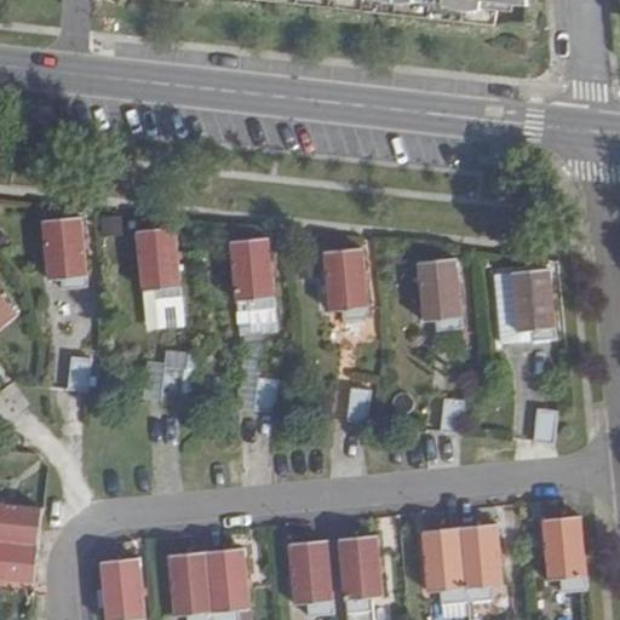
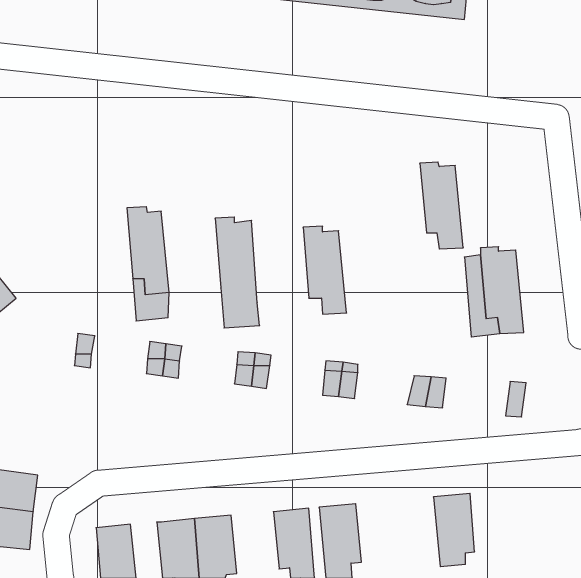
building: [41,208,86,303] -> none
building: [414,251,460,343] -> [420,162,463,249]
building: [542,515,586,591] -> none
building: [423,527,466,602] -> none

